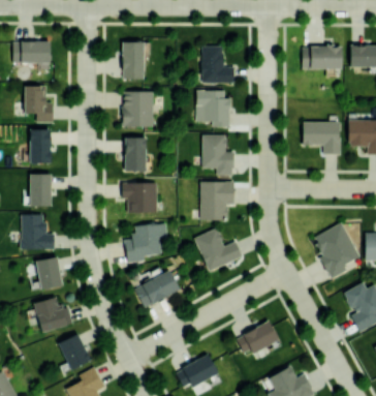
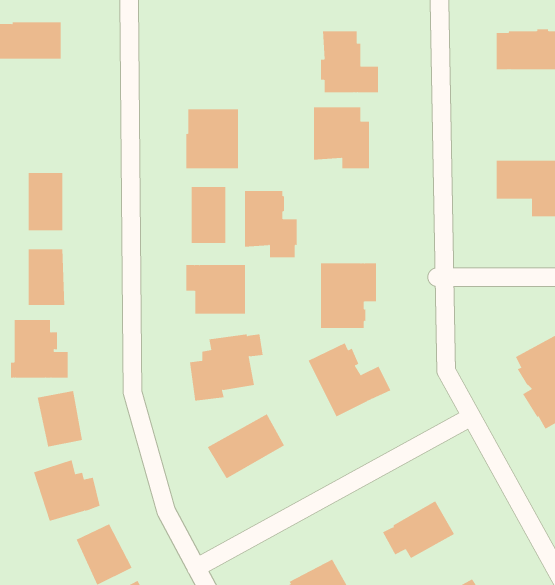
building: [122,42,144,80] -> none
building: [24,86,53,123] -> none
building: [202,135,233,175] -> [244,190,297,258]

